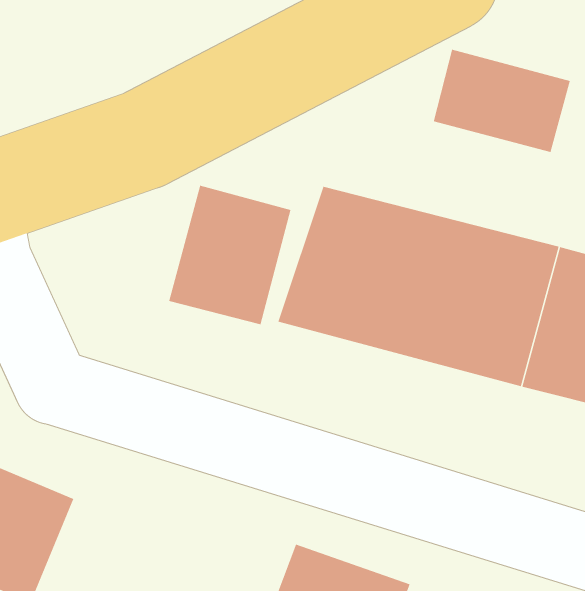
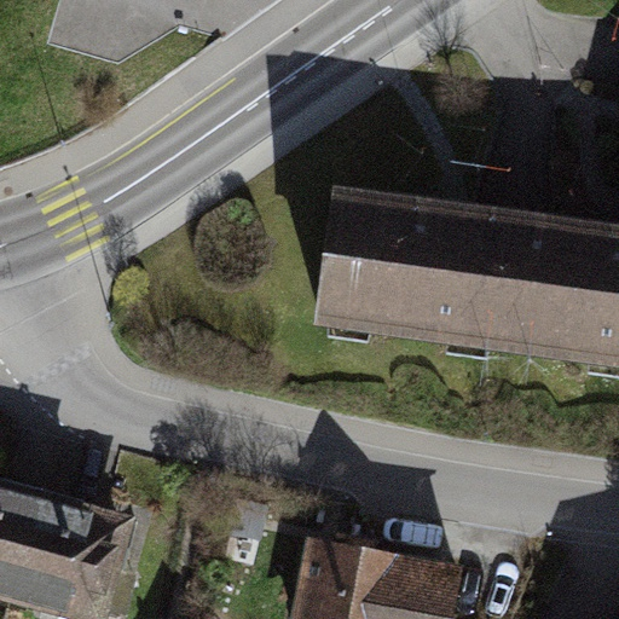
building: [433,49,571,153] -> none
building: [168,185,291,325] -> none

